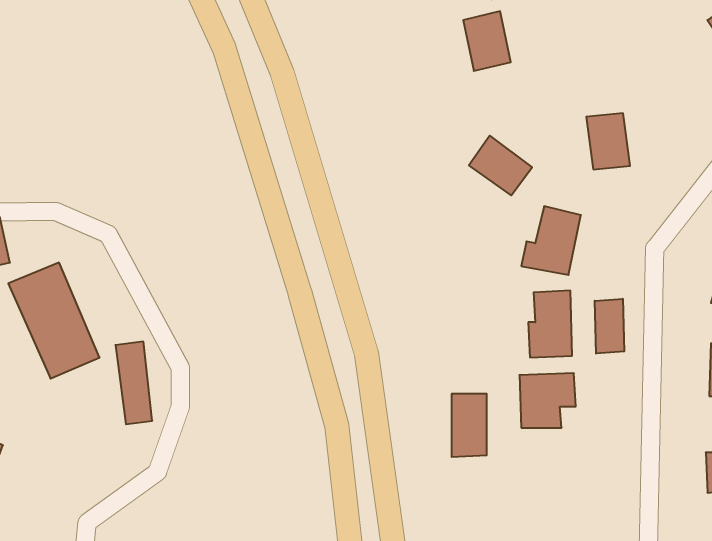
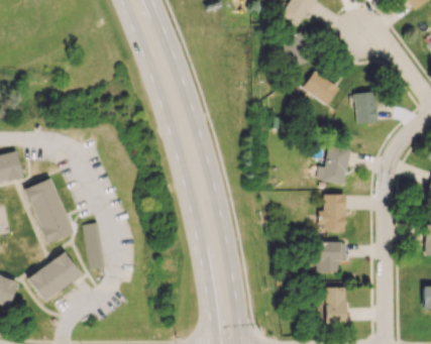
building: [469,136,532,195] -> [303,71,339,105]
building: [595,299,624,354] -> none
building: none -> [26,251,81,302]
building: [452,394,487,457] -> [326,288,346,324]

